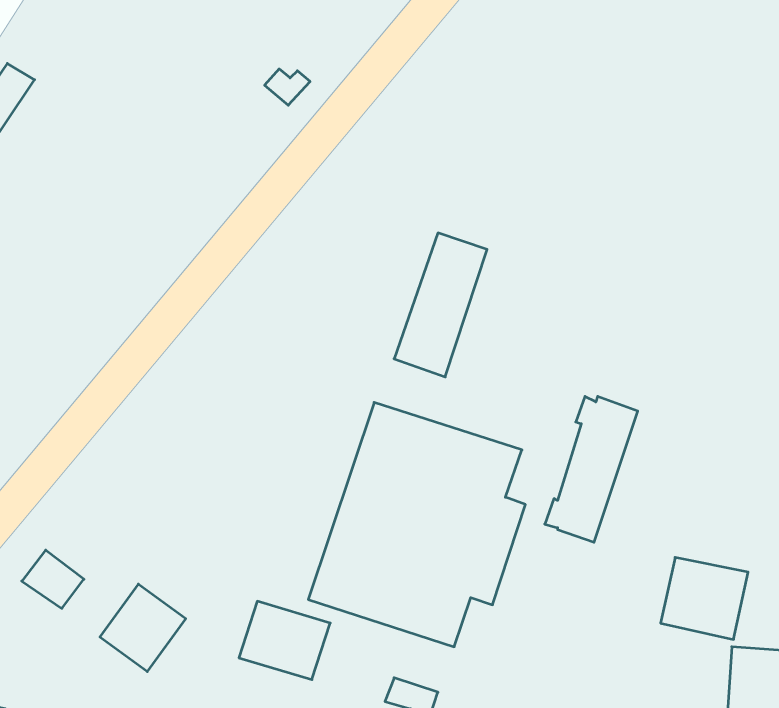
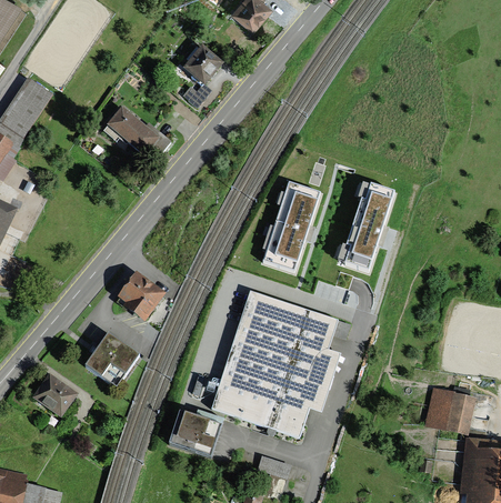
building: none -> [184,51,218,87]
building: none -> [107,111,159,157]
building: none -> [121,278,163,321]
building: [545,396,638,542] -> [339,183,395,272]
building: [100,584,186,672] -> [84,336,137,390]

